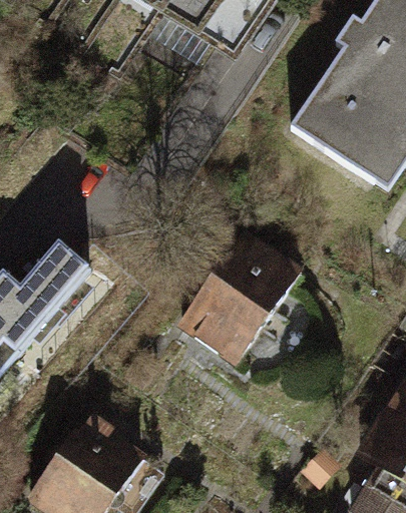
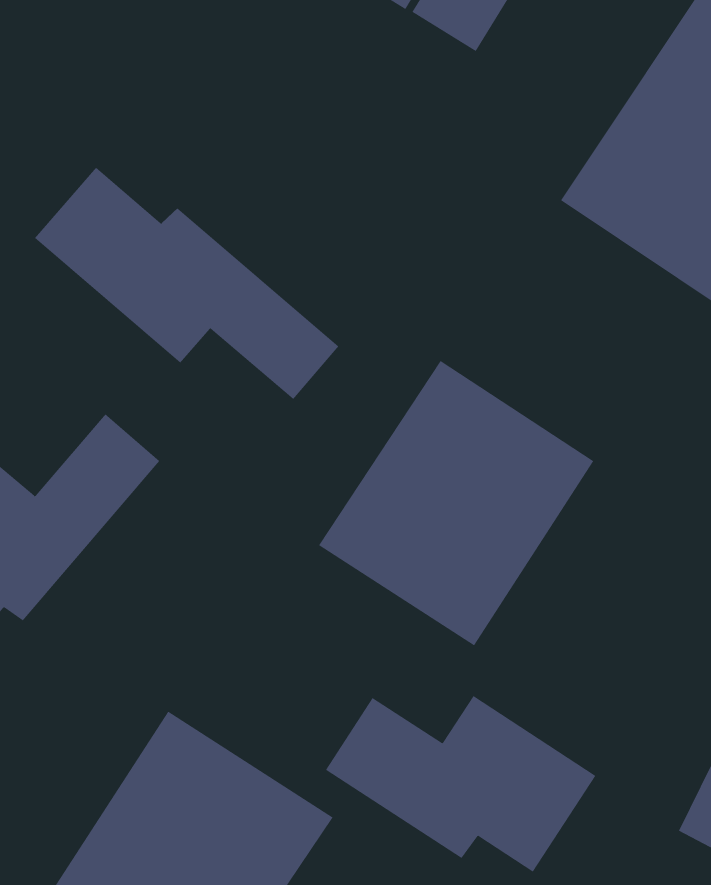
building: none -> [34,167,339,400]
building: none -> [325,695,596,873]

